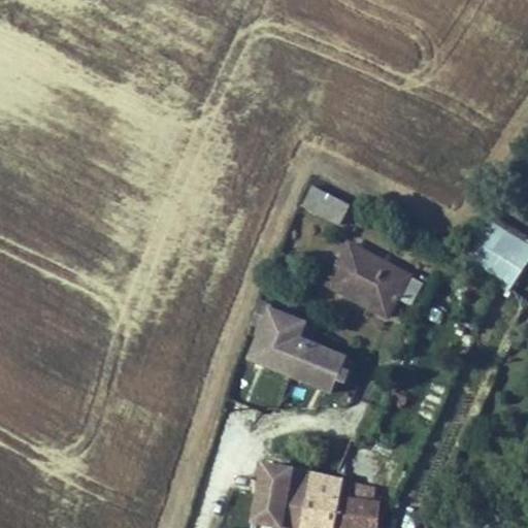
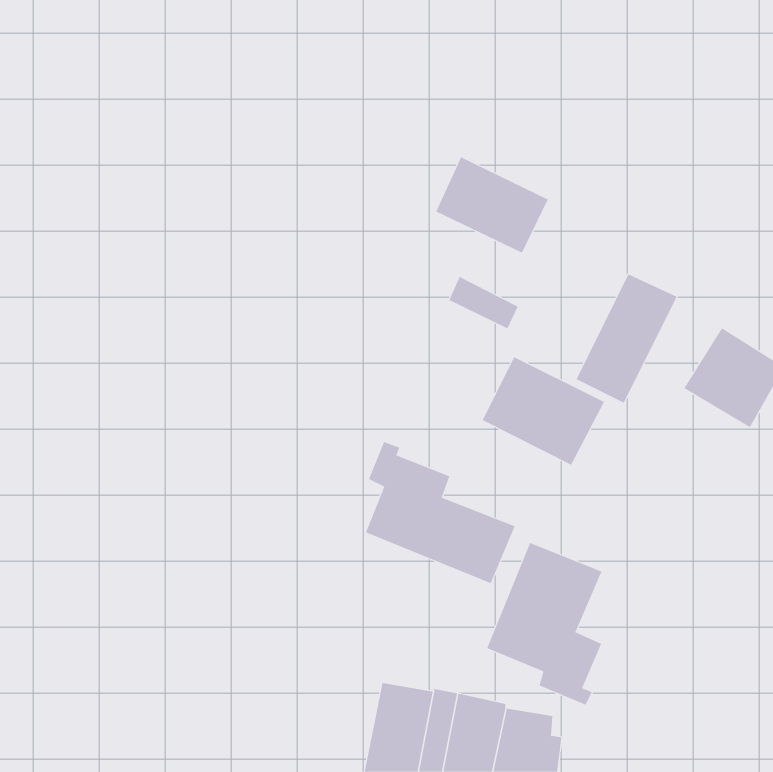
building: none -> [435,156,548,253]
building: none -> [576,273,678,404]
building: none -> [486,542,602,705]

